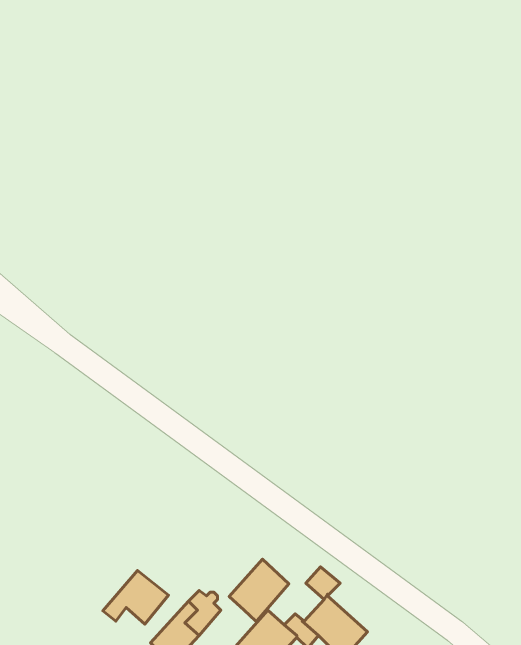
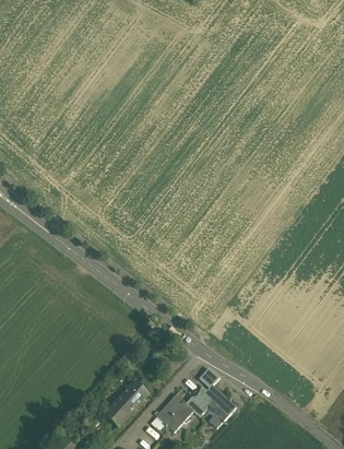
building: [229,559,289,621] -> none
building: [103,570,169,624] -> none

